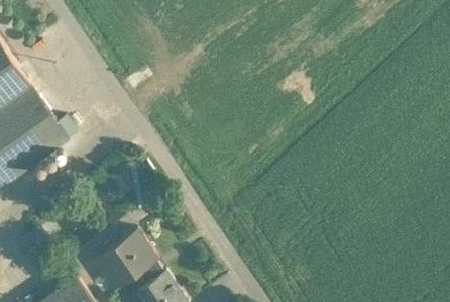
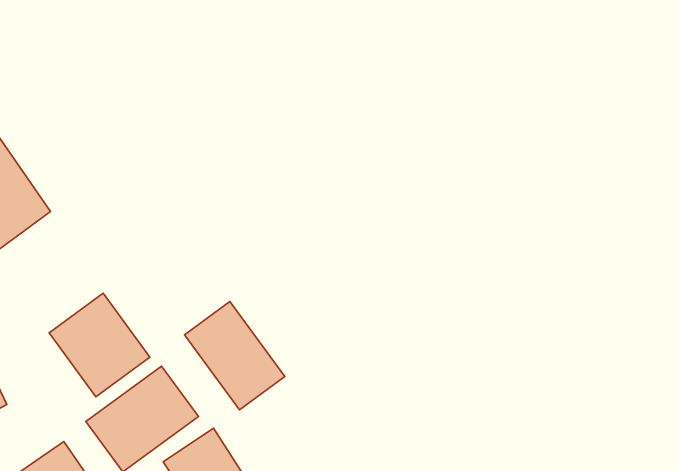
building: none -> [49,293,150,397]
building: none -> [184,302,285,410]

